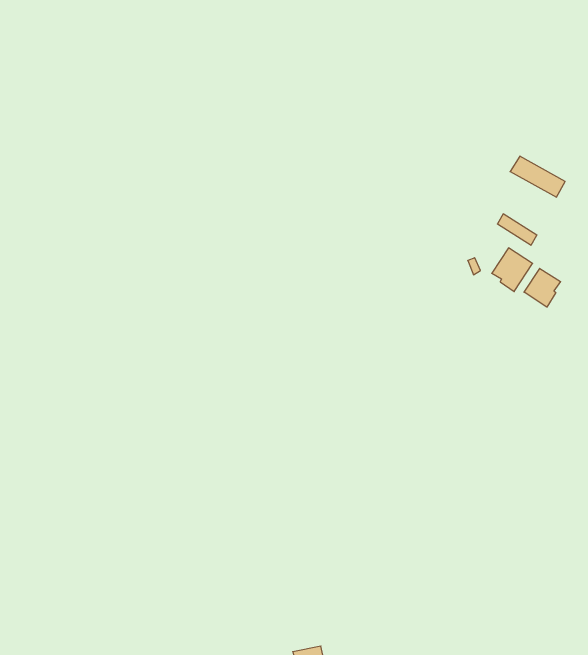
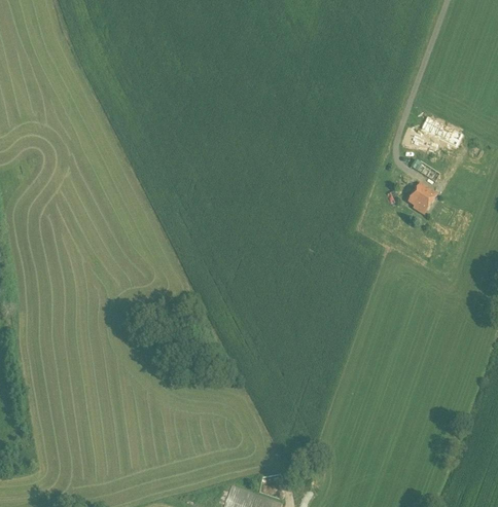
building: [524,268,561,307] -> none

